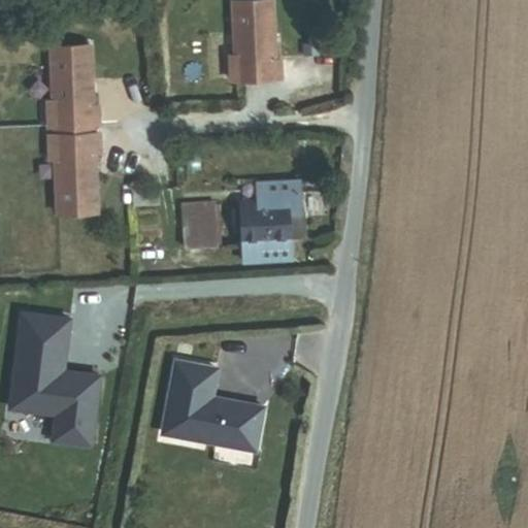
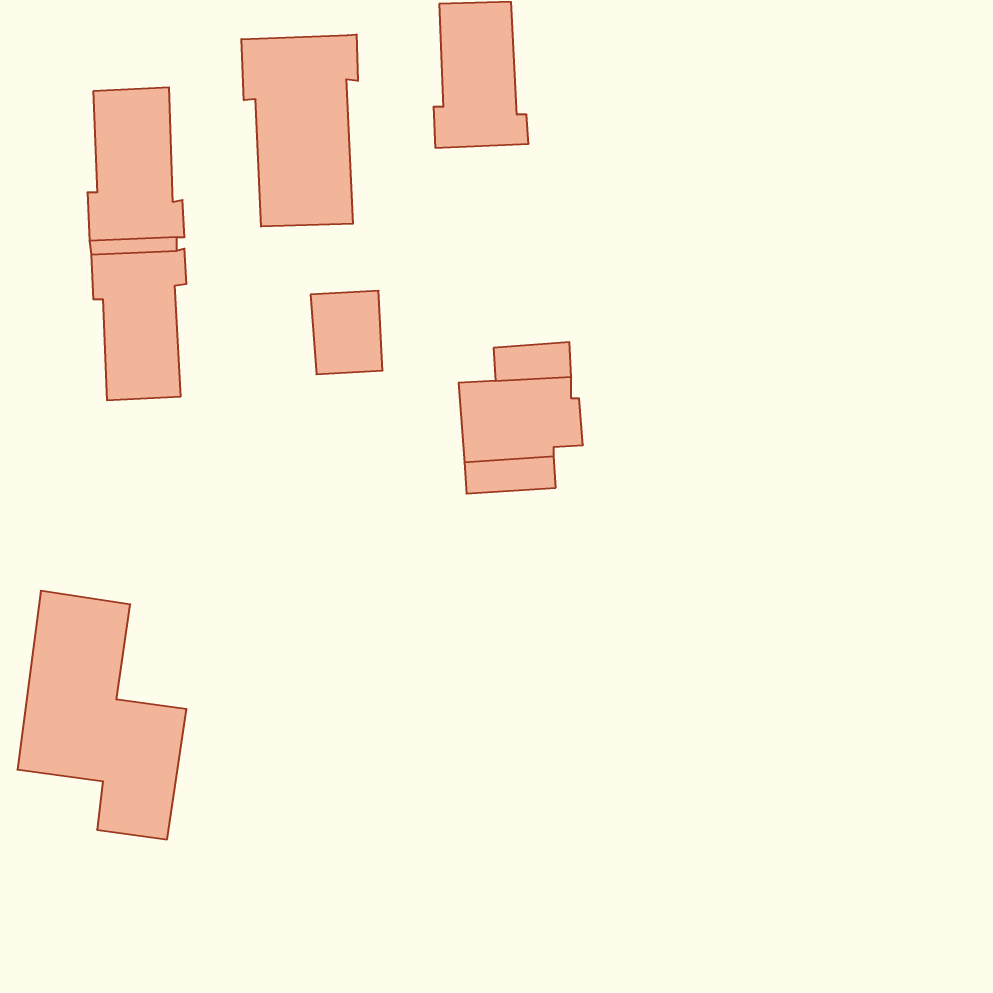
building: none -> [241,34,358,227]
building: [183,205,221,250] -> [311,291,383,374]
building: [161,360,263,450] -> none

